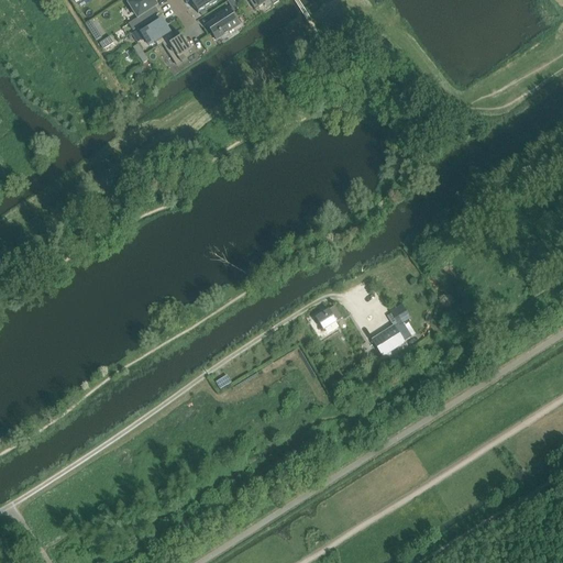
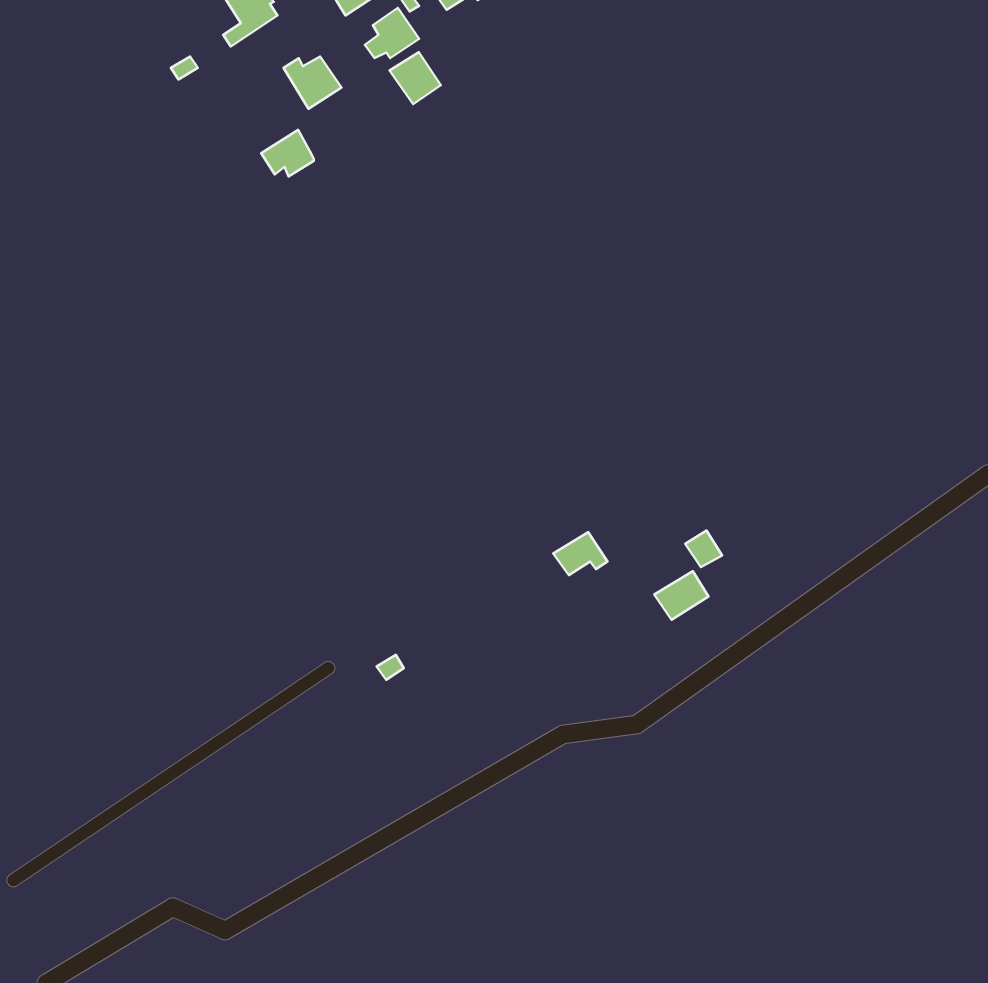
building: [140,15,169,42] -> [261,130,314,176]
building: none -> [390,52,441,104]

